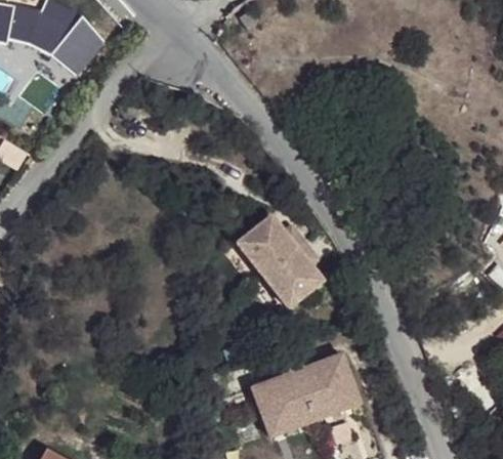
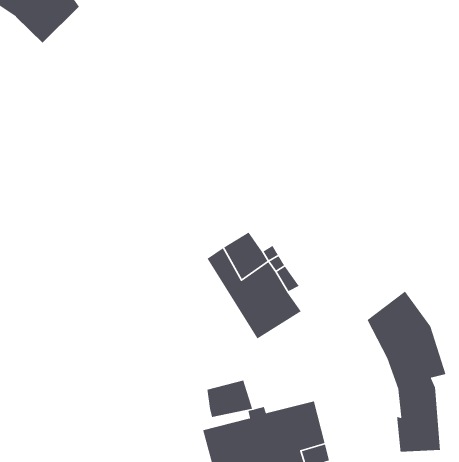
building: none -> [366,291,446,452]
building: none -> [206,380,253,418]

